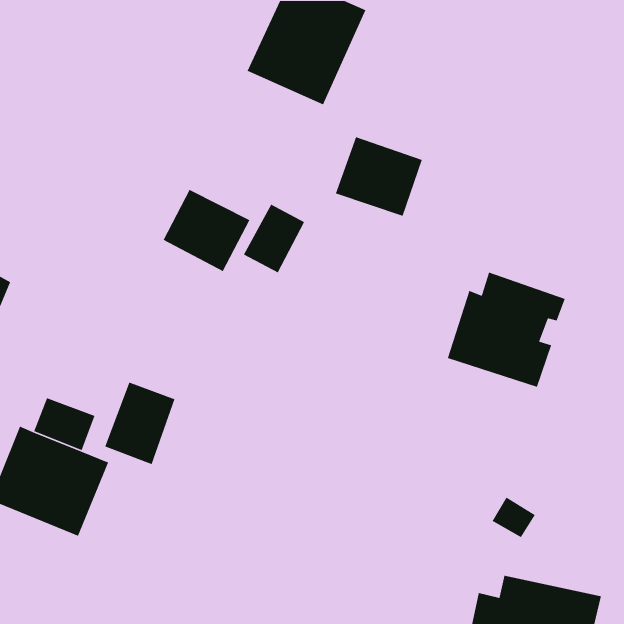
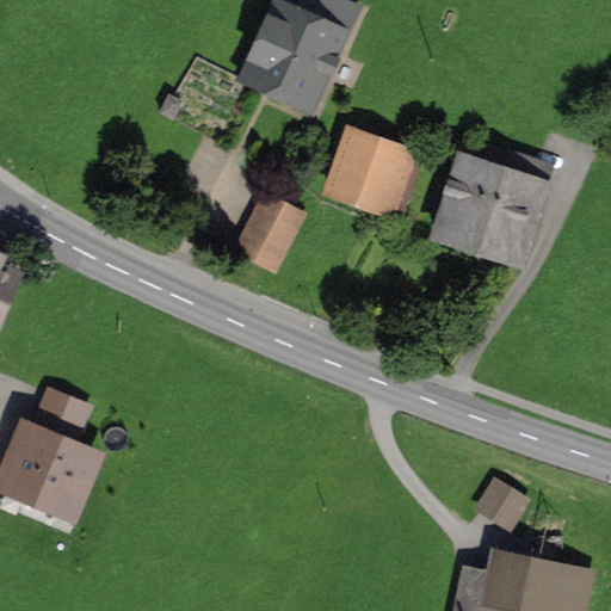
building: [163,189,251,272] -> none
building: [447,271,566,388] -> [434,143,550,257]
building: [104,382,176,465] -> none

